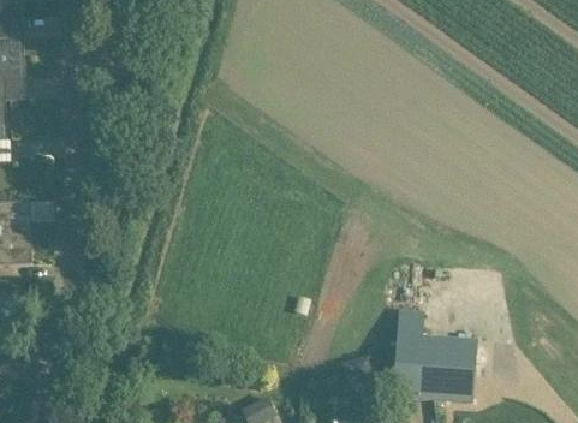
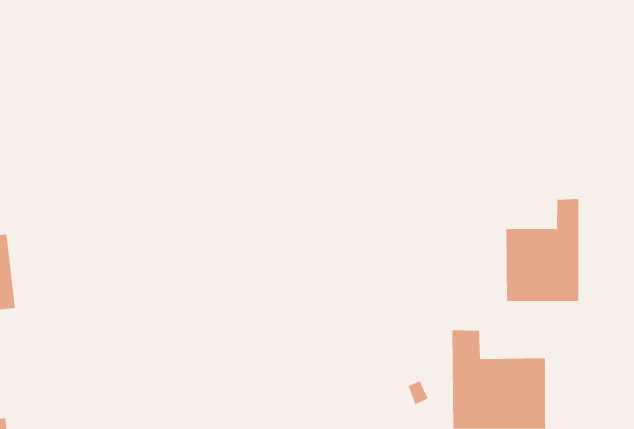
building: none -> [506,198,579,302]

